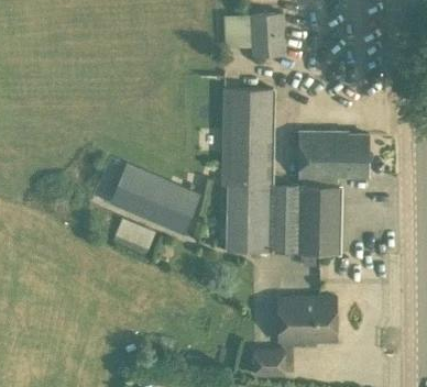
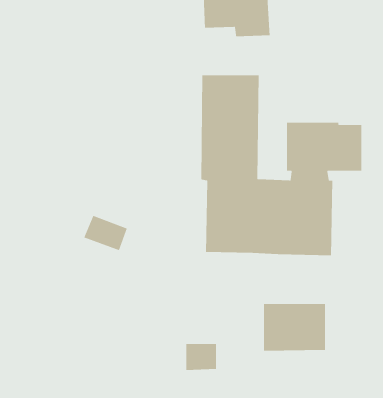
building: [109,164,200,235] -> none
building: [254,351,283,376] -> [185,343,217,371]

